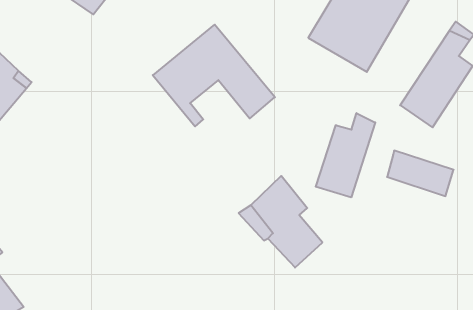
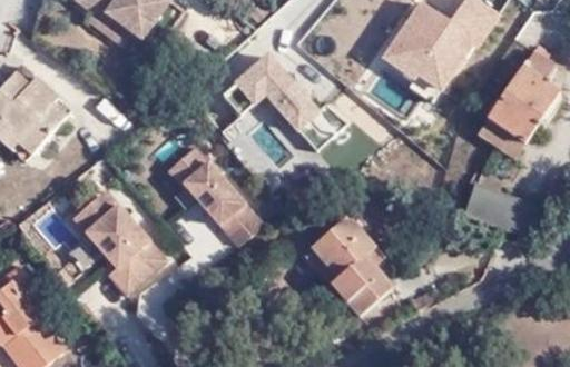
building: none -> [149,126,265,248]
building: [316,113,375,197] -> none
building: none -> [71,182,164,295]

